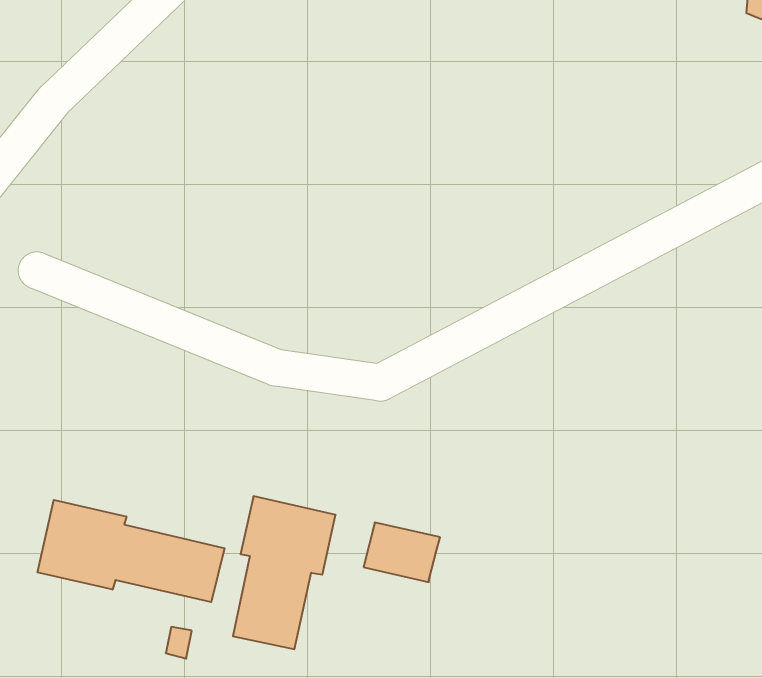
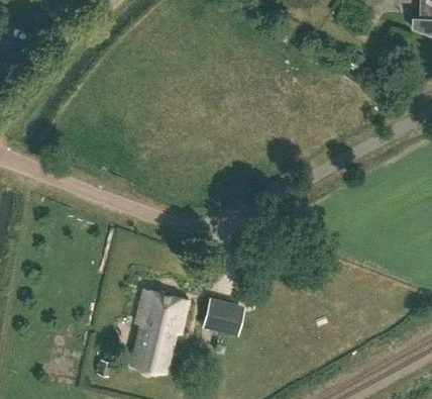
building: [38,500,224,602] -> none

